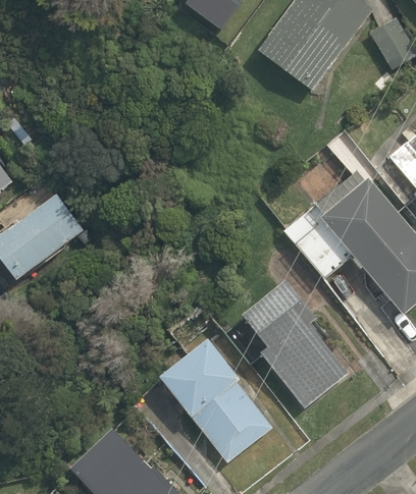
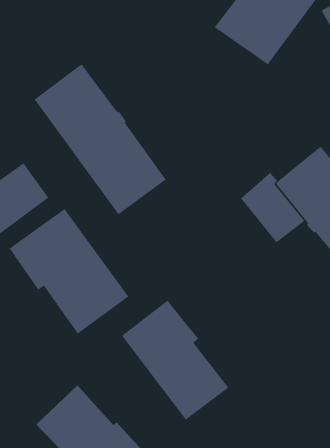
building: none -> [34,64,167,215]
building: none -> [9,208,129,334]
building: [242,278,348,407] -> none

